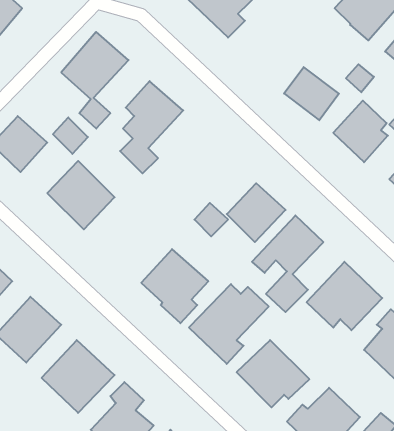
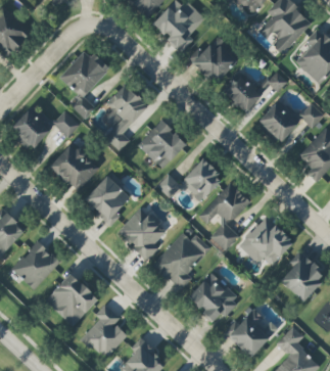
building: none -> [188,44,236,84]
building: none -> [138,120,185,169]
building: none -> [83,175,130,226]

